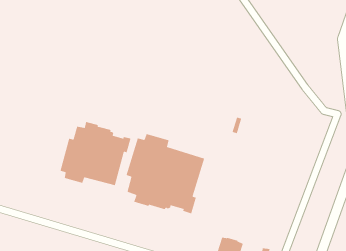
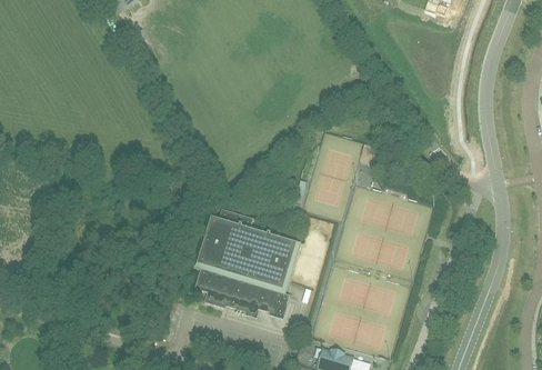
building: [60,121,131,186] -> none

